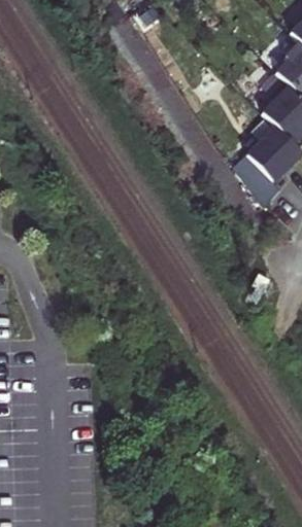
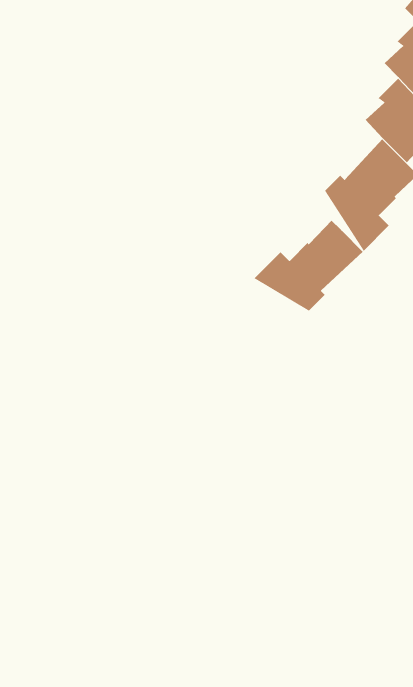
building: none -> [254,220,363,311]

